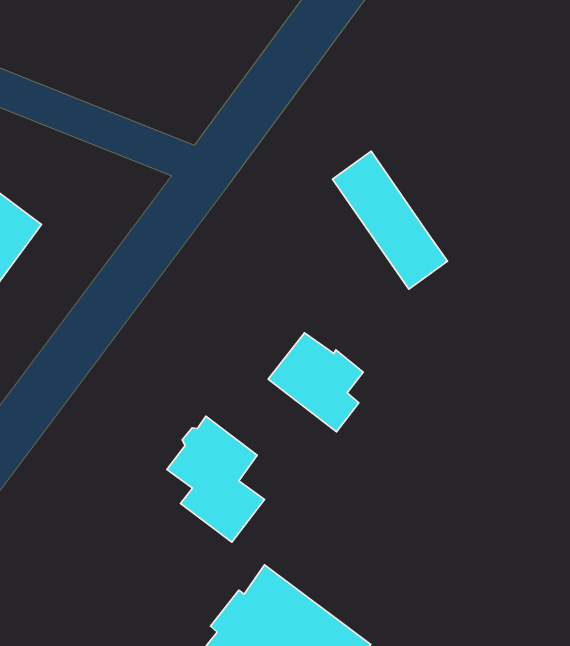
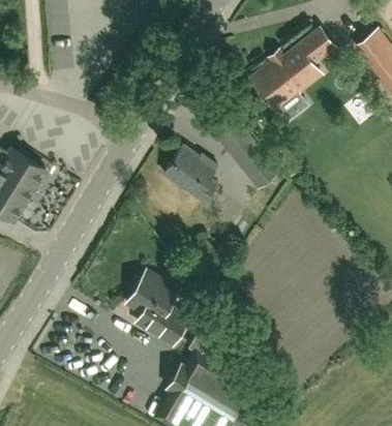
building: none -> [251,32,331,110]
building: [268,333,363,432] -> [162,149,216,204]

